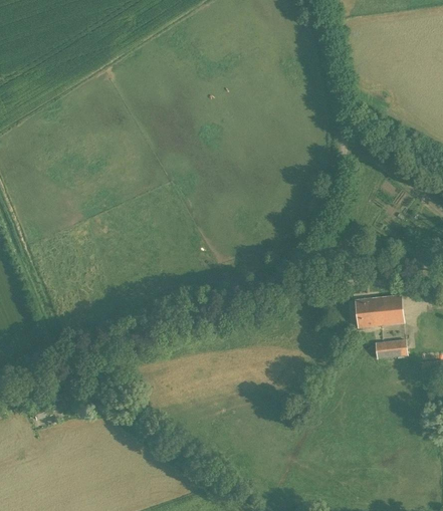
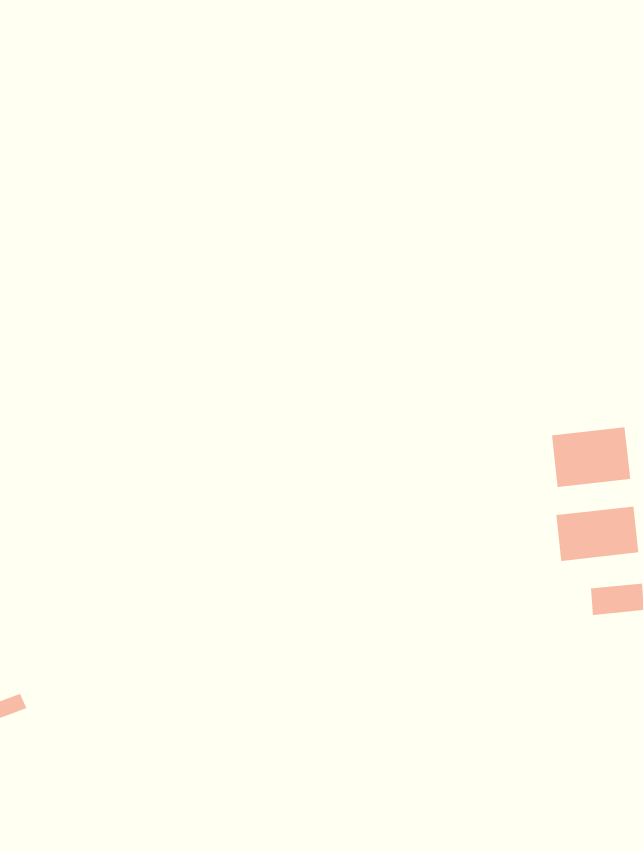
building: none -> [551,426,631,488]

